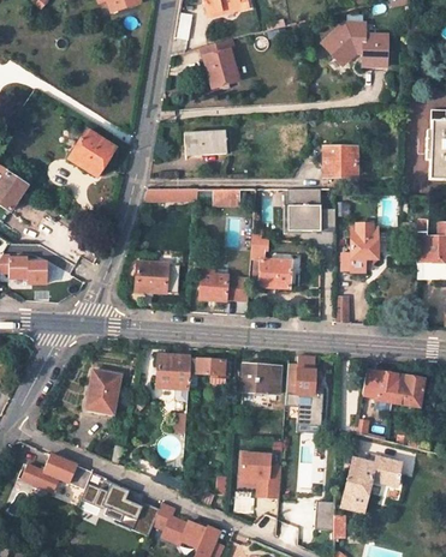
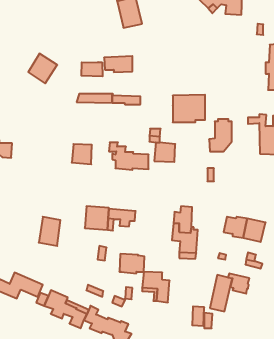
building: none -> [81,62,103,76]
building: [319,149,353,178] -> none
building: [243,365,280,394] -> [119,254,144,273]

